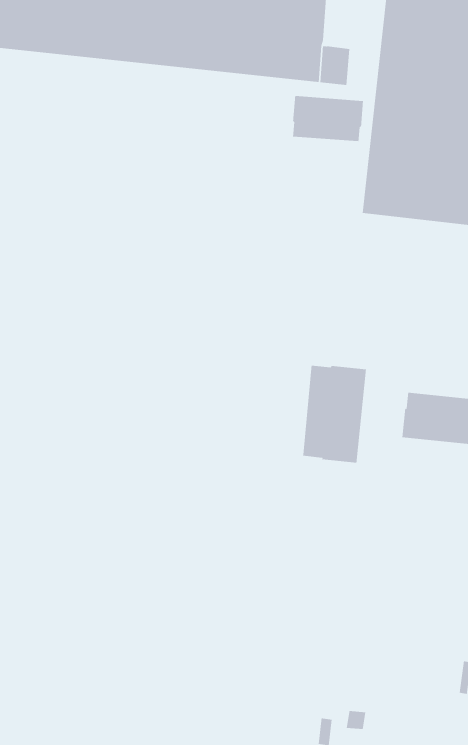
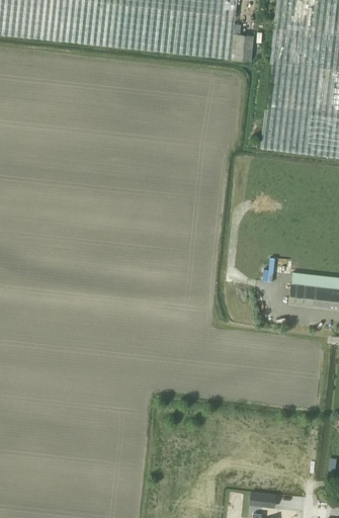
building: [292,95,364,142] -> none
building: [302,365,366,463] -> none

